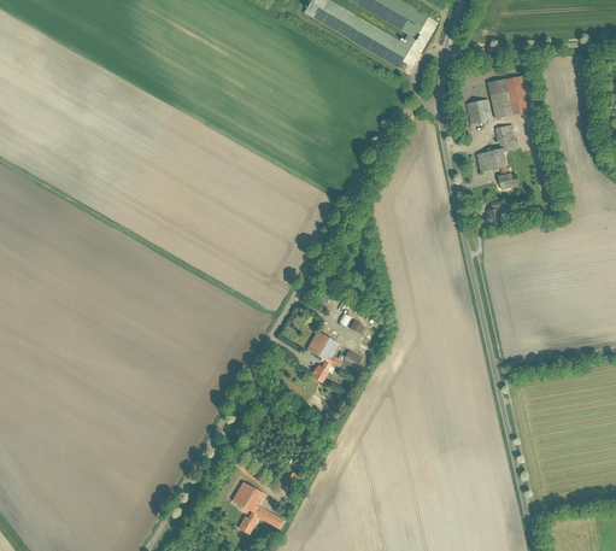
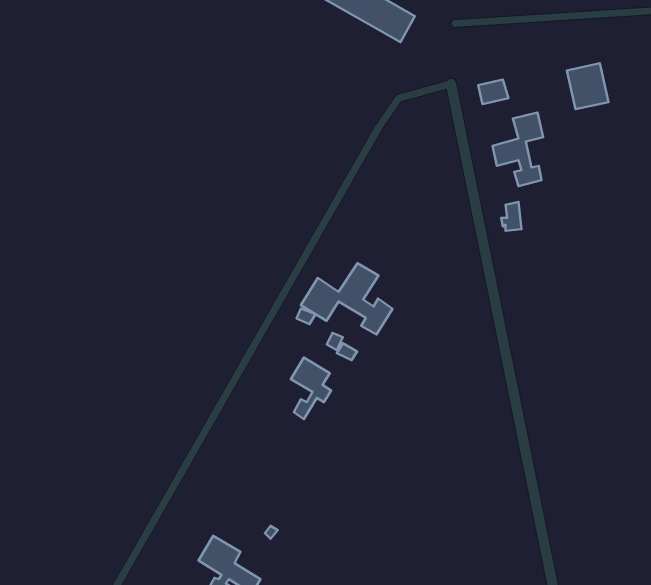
building: [487,77,522,116] -> [567,63,608,109]
building: none -> [301,263,393,334]

